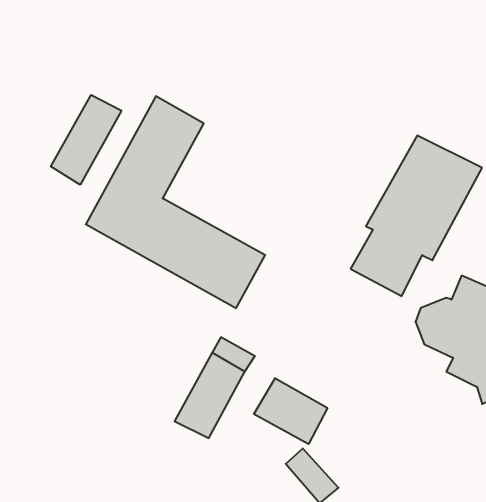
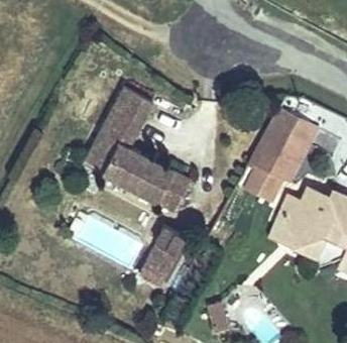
building: [51,95,121,185] -> none
building: [254,378,327,444] -> none

